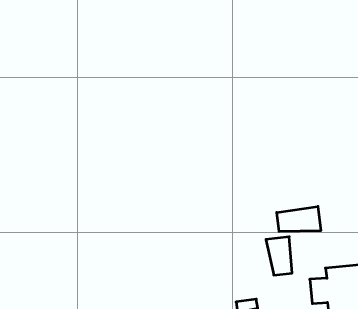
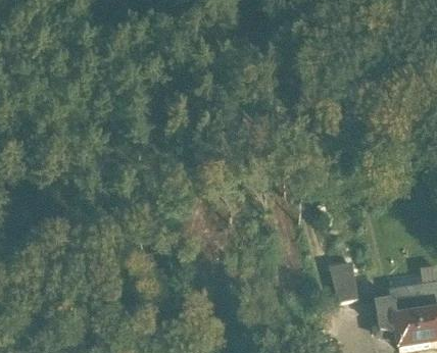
building: [277,206,321,231] -> none

